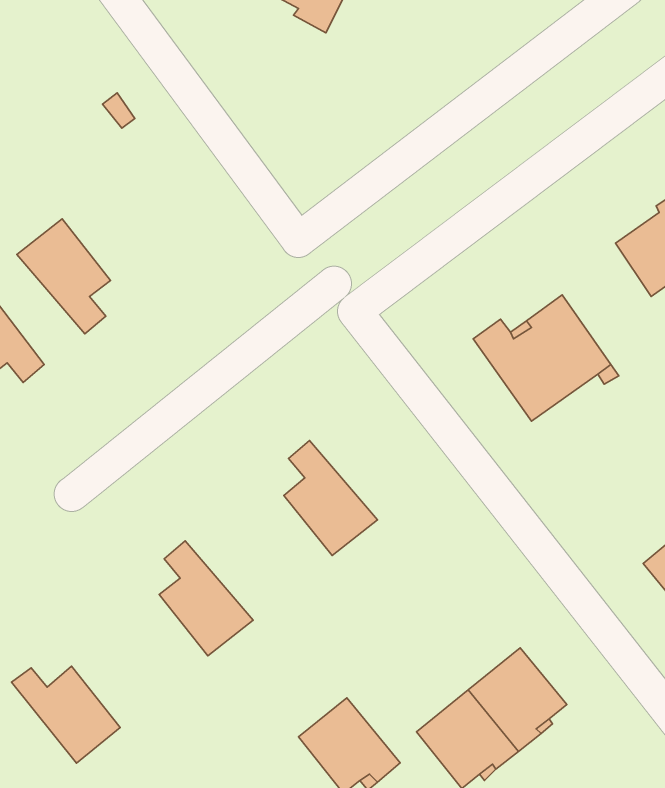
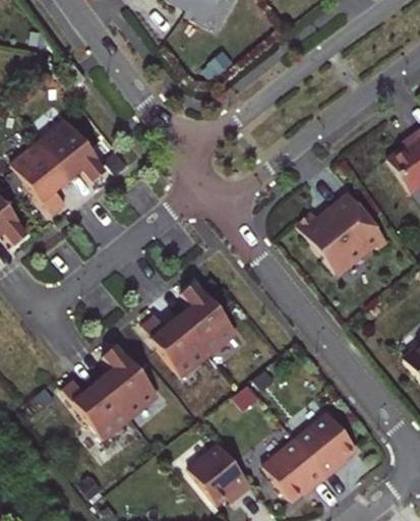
building: none -> [40,120,107,182]
building: none -> [143,314,209,377]
building: [12,666,120,763] -> [63,379,131,440]

